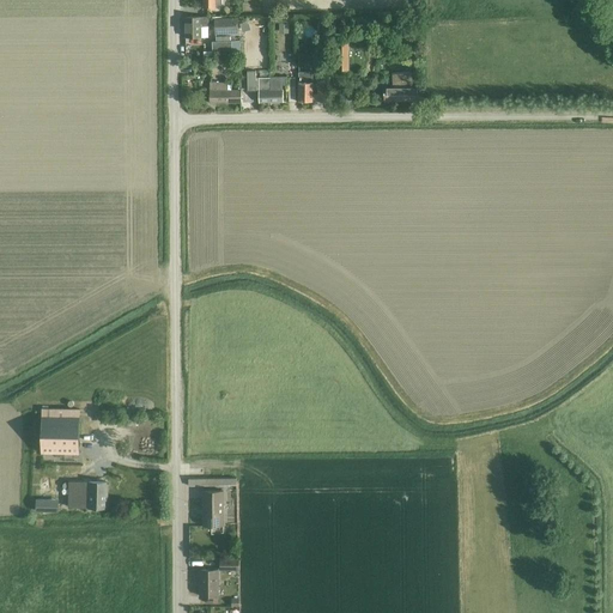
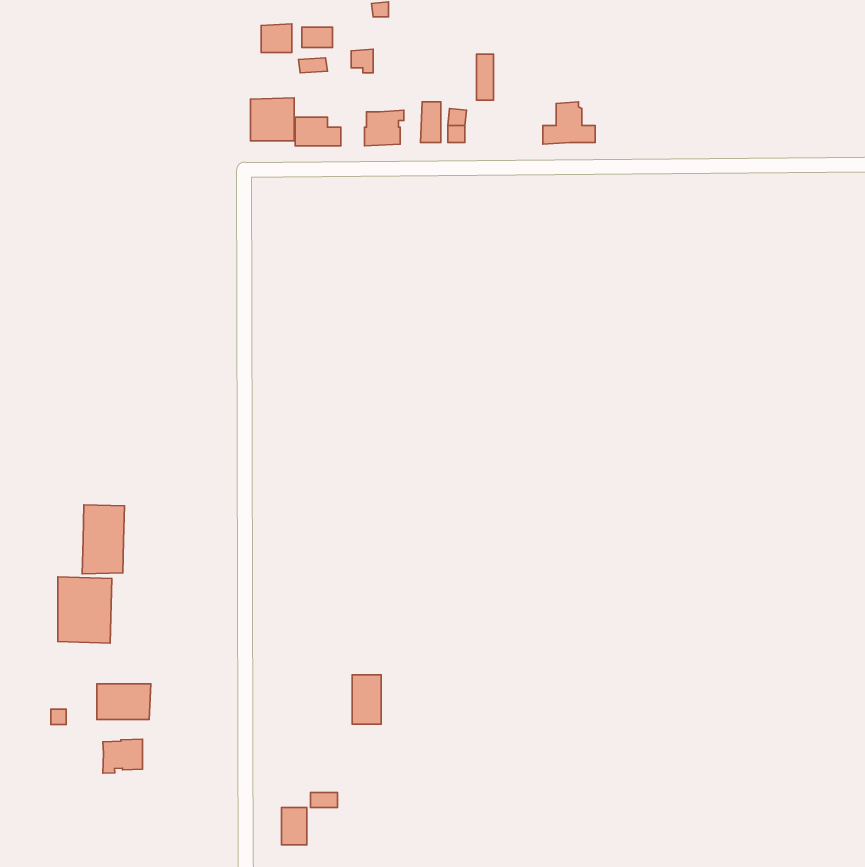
building: none -> [250,98,294,141]
building: none -> [82,505,124,574]
building: [202,491,223,526] -> [352,675,381,724]
building: none -> [103,739,143,773]

